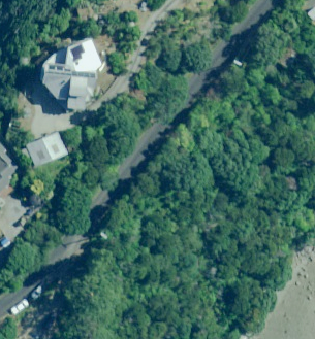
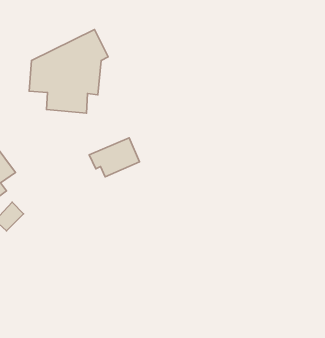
building: [21,131,66,166] -> [89,138,139,177]

